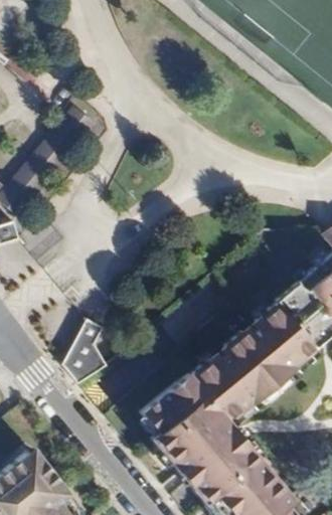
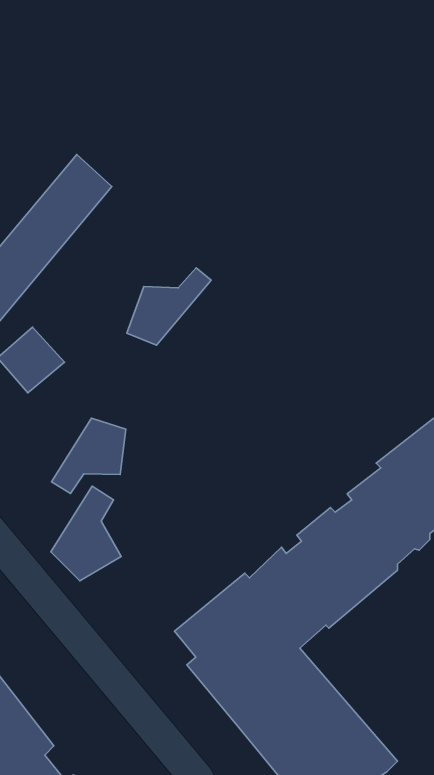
building: none -> [127,268,211,345]
building: none -> [51,418,126,494]

